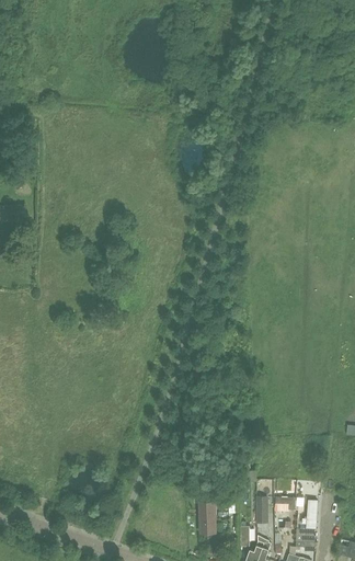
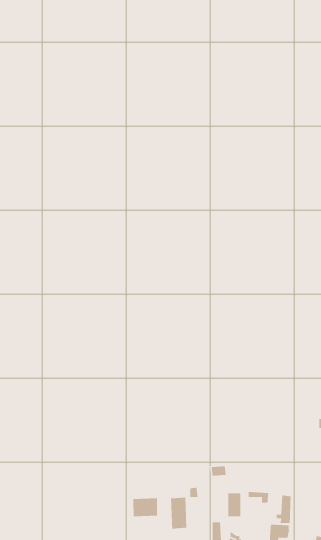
building: none -> [133,497,158,517]

